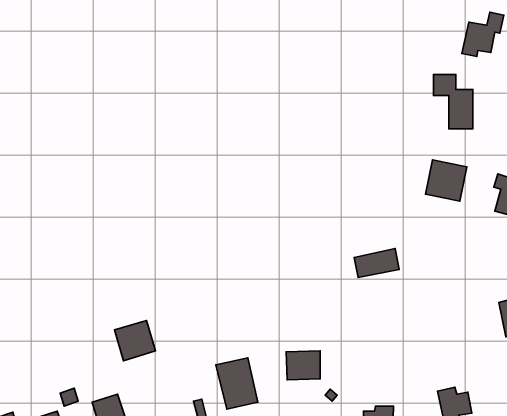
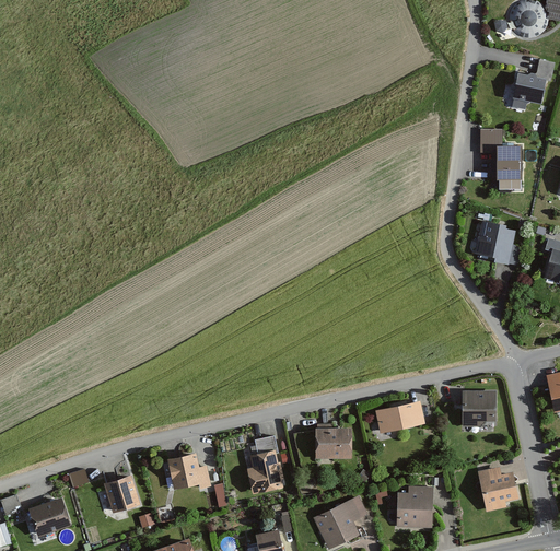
building: [354,248,399,278] -> [376,401,425,433]
building: none -> [463,390,498,425]
building: [114,321,156,361] -> [158,448,202,492]

